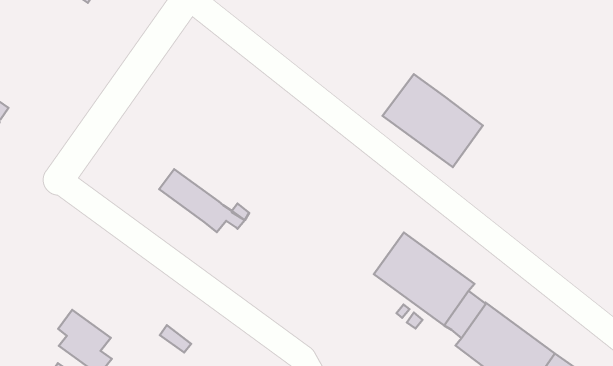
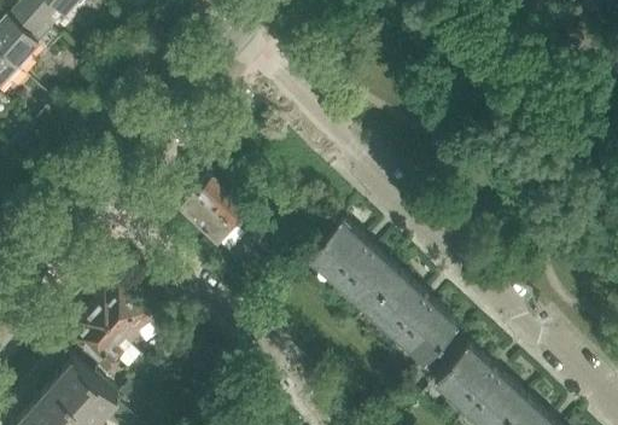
building: [382,74,483,167] -> [308,222,398,310]
building: none -> [196,177,249,229]
building: none -> [89,297,148,351]

